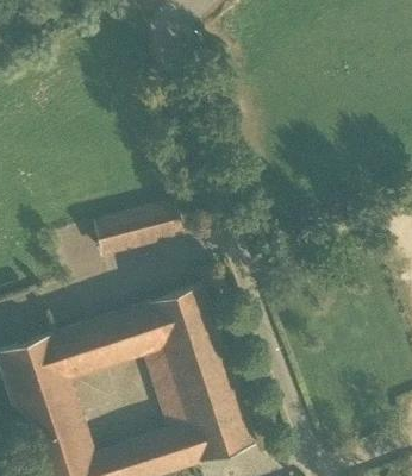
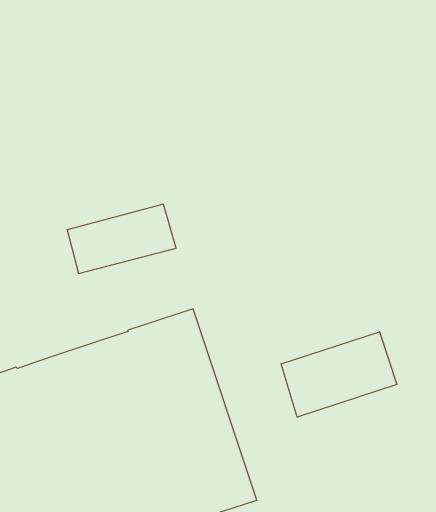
building: none -> [281,332,397,417]

